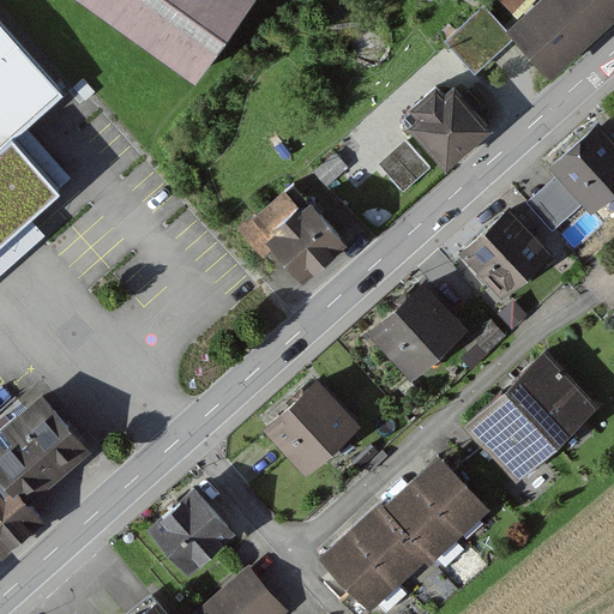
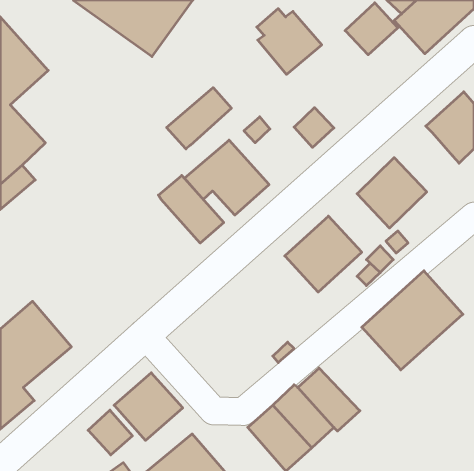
building: [409,85,493,170] -> [257,9,322,74]
building: none -> [167,88,231,149]
building: [526,175,585,233] -> none
building: none -> [158,175,224,243]
building: [263,378,361,474] -> none
building: [413,455,492,535] -> none
building: none -> [88,410,132,455]

